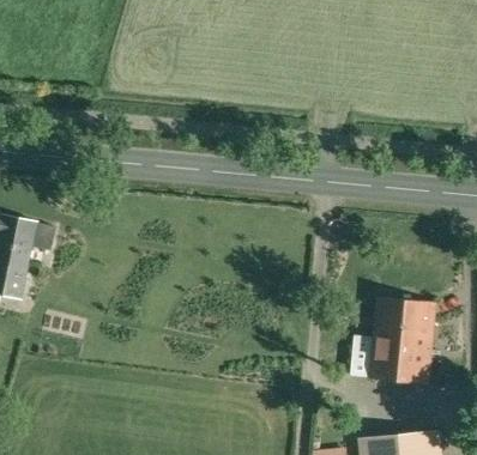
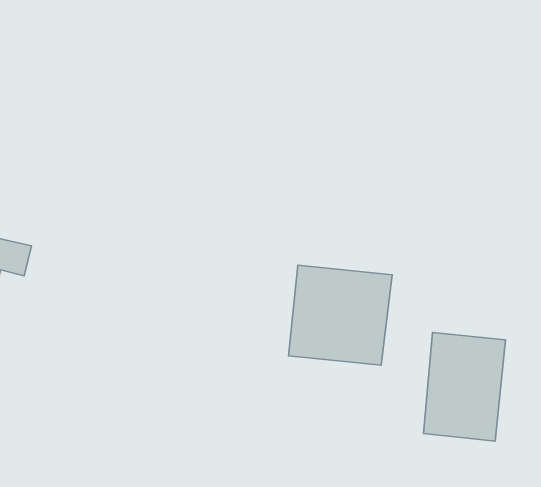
building: none -> [288,265,392,365]

